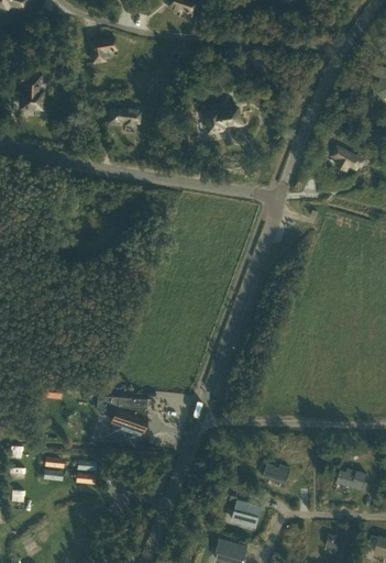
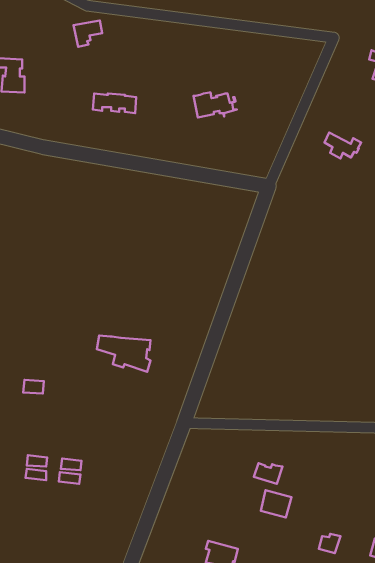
building: [96,396,147,431] -> [97,335,151,372]
building: [337,471,367,492] -> none
building: [232,500,262,527] -> [261,490,292,518]

